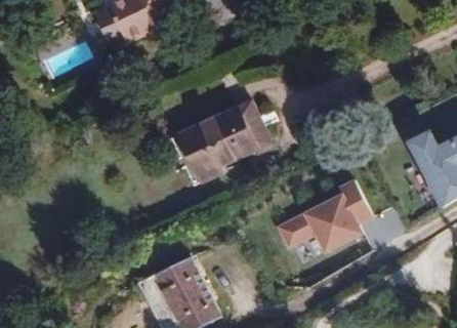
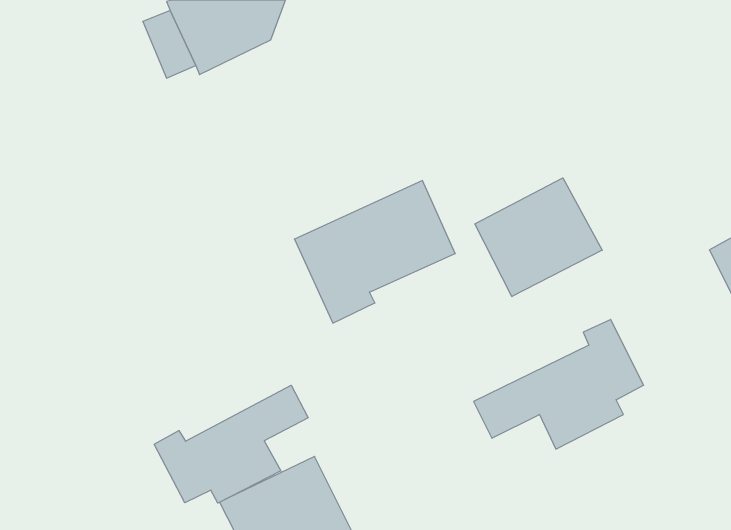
building: none -> [475,178,602,297]
building: none -> [154,385,308,503]

